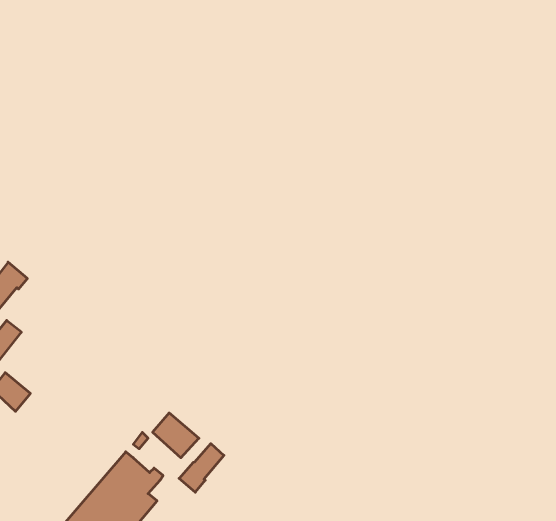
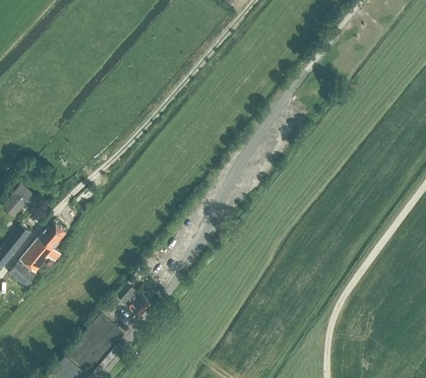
building: none -> [20,220,67,271]
building: [179,444,224,492] -> none

